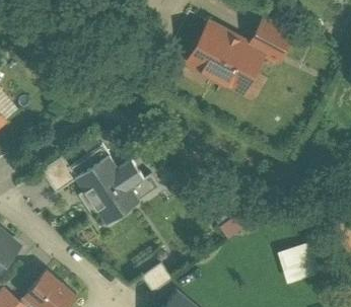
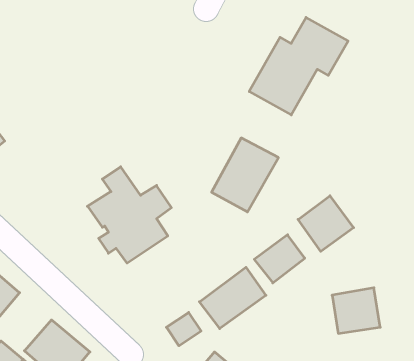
building: [182,20,236,81] -> [212,138,278,212]
building: none -> [298,196,354,251]
building: none -> [199,267,266,329]

